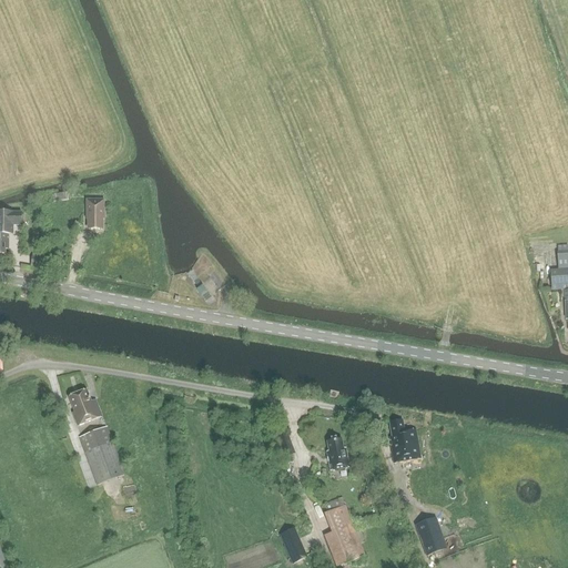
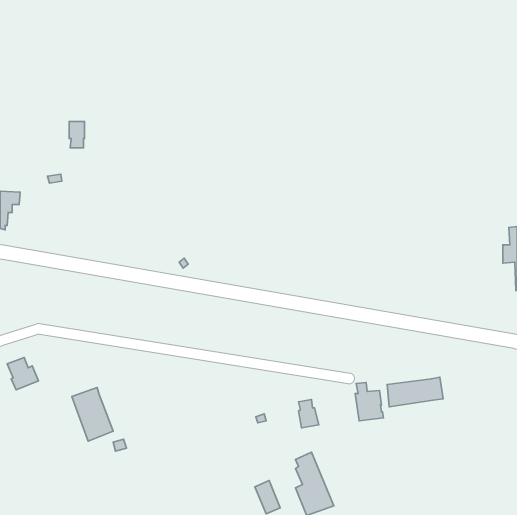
building: [87,199,103,227] -> [69,121,84,148]
building: [68,388,102,424] -> [7,358,38,390]
building: none -> [387,377,443,407]
building: [416,517,446,552] -> none

